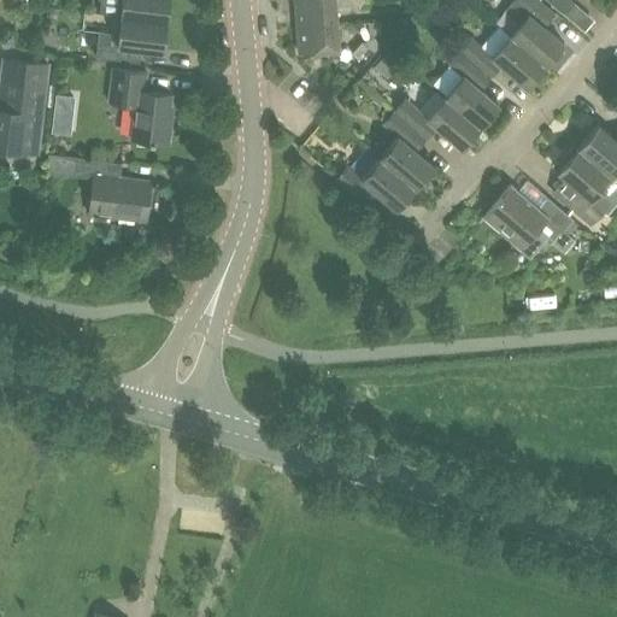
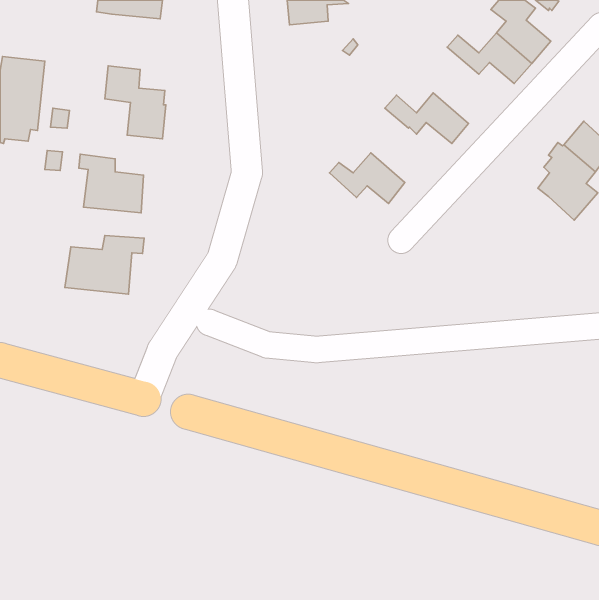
building: [96,16,166,63] -> none
building: [299,23,341,53] -> none
building: [446,49,501,128] -> none
building: [382,112,436,188] -> none
building: [487,186,578,247] -> none
building: none -> [65,236,144,294]

